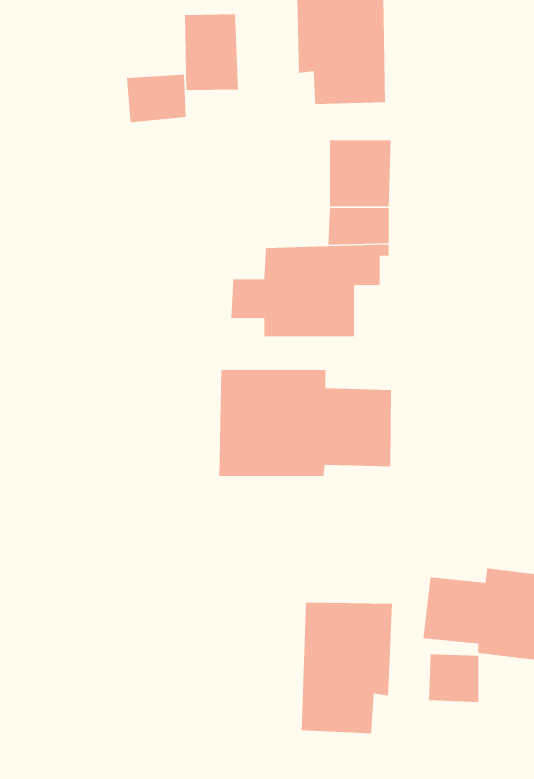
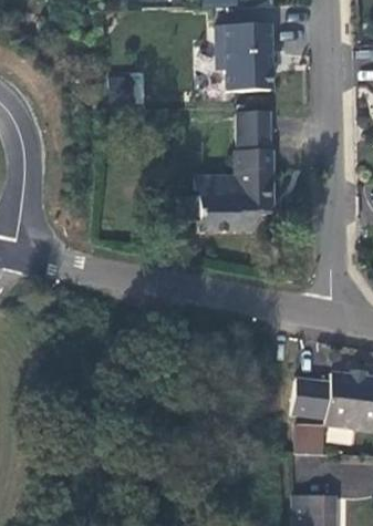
building: [184,14,239,91] -> none
building: [219,369,392,477] -> none
building: [301,602,393,734] -> none

